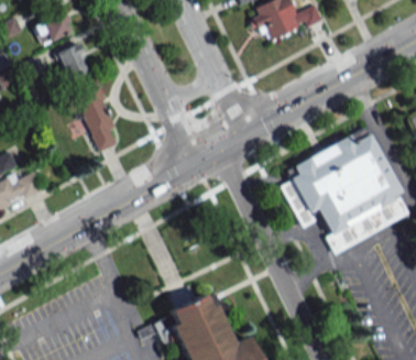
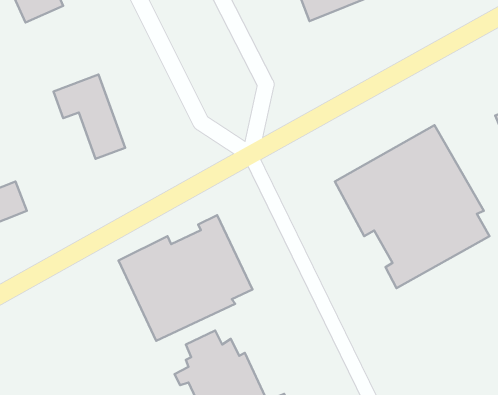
building: [58,44,94,84] -> none
building: none -> [118,215,253,341]

